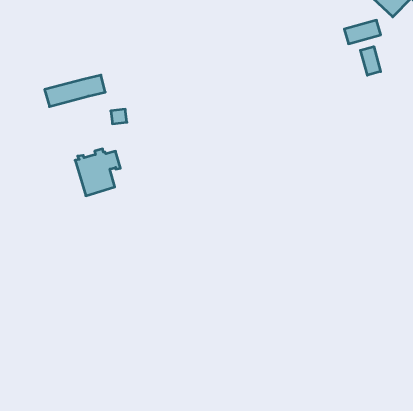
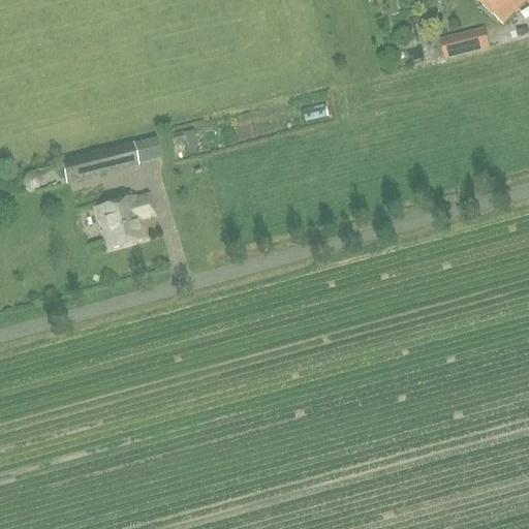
building: [360,47,381,75] -> none
building: [45,75,105,107] -> [60,141,137,181]

